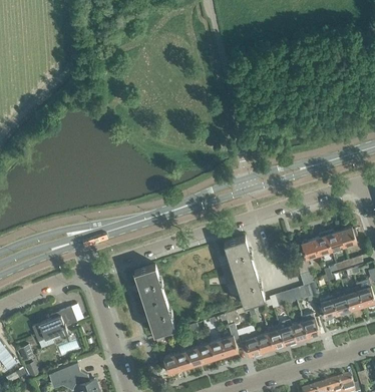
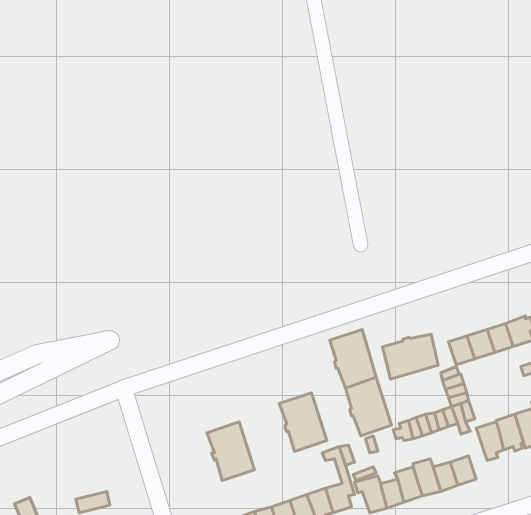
building: none -> [382,334,438,379]
building: [133,263,164,301] -> [279,393,327,451]
building: [32,305,76,347] -> none

